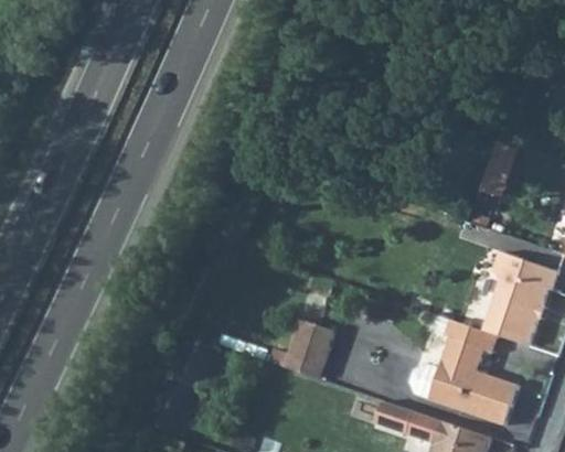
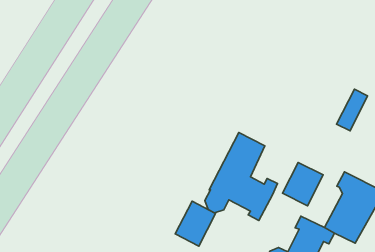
building: none -> [205,132,278,220]
building: none -> [283,162,323,206]

